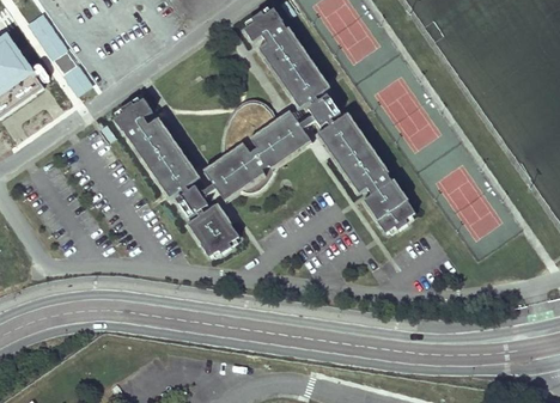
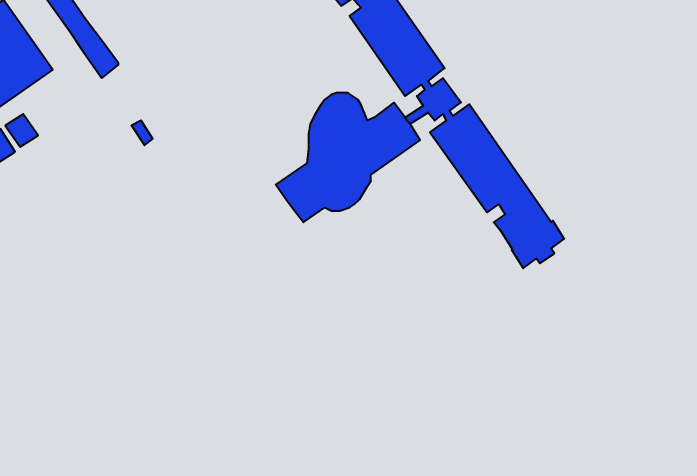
building: [114,98,239,256] -> none

